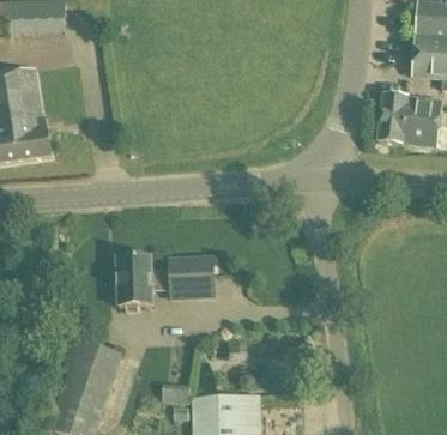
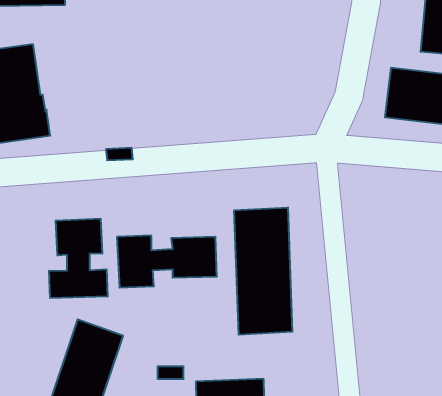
building: none -> [234,207,292,335]
building: none -> [49,219,107,298]

